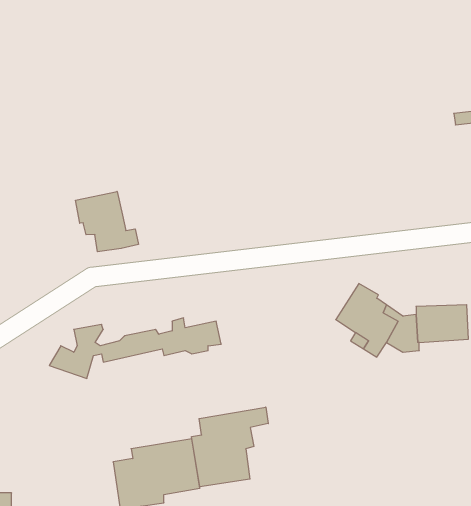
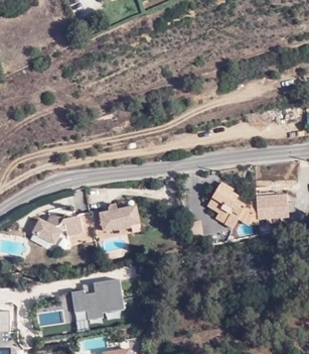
building: [76,191,138,252] -> none
building: [192,407,268,487] -> none

